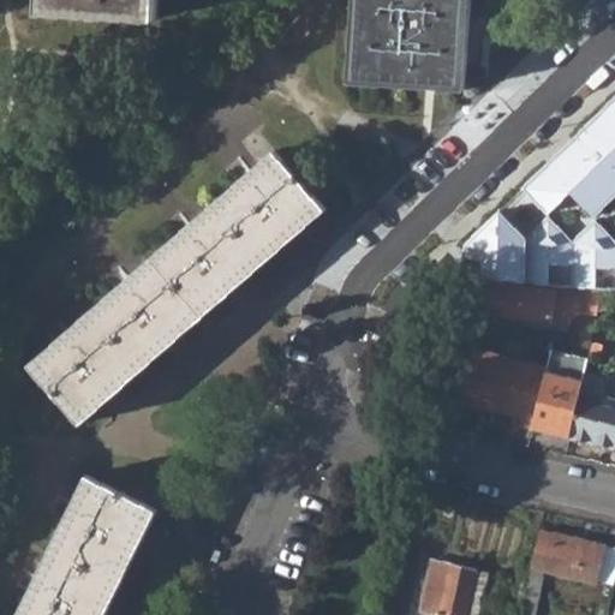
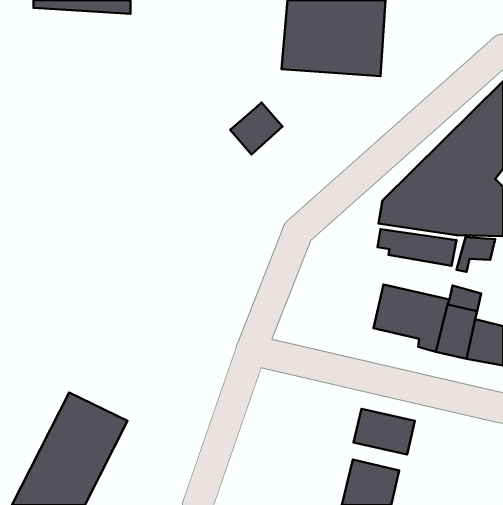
building: none -> [230,102,283,155]
building: [26,153,323,425] -> none
building: [531,529,605,584] -> [354,409,415,454]

